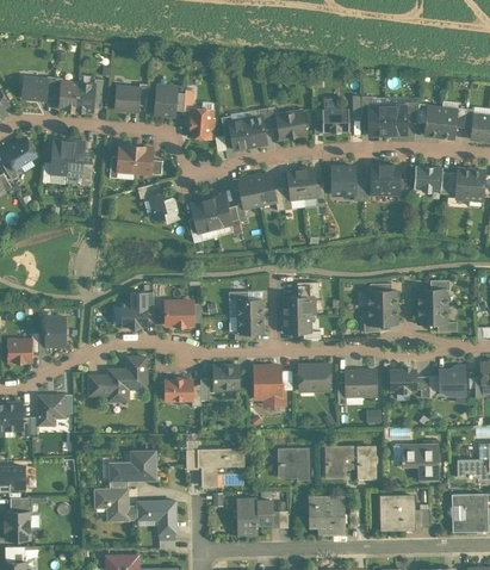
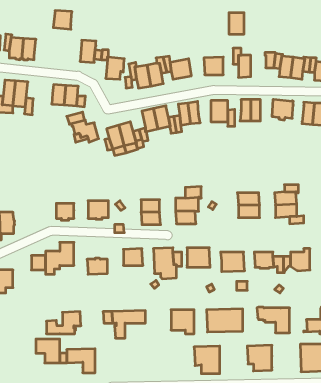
building: [114,87,139,112] -> [53,11,72,29]
building: [385,106,405,135] -> [229,13,244,34]
building: [238,500,272,527] -> none

